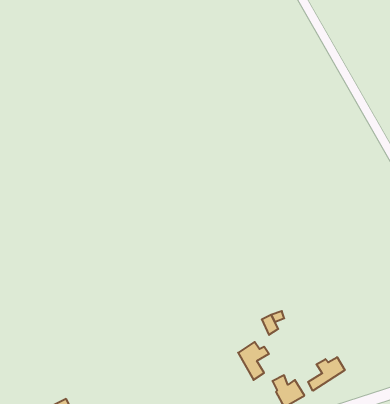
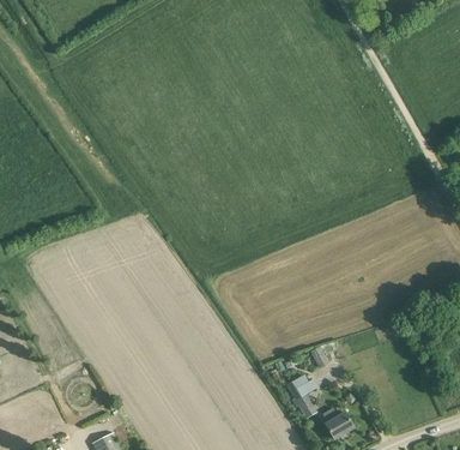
building: [308,357,345,391] -> none

